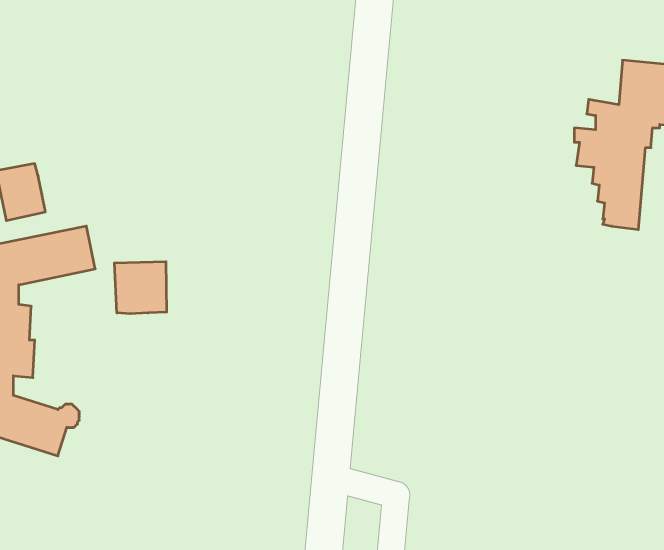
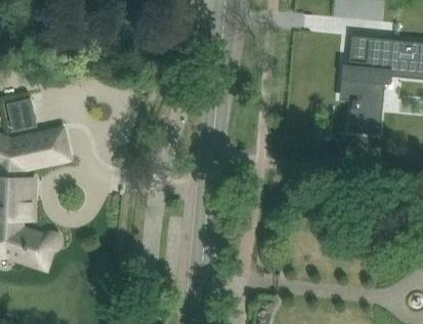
building: [114,262,167,314] -> none

